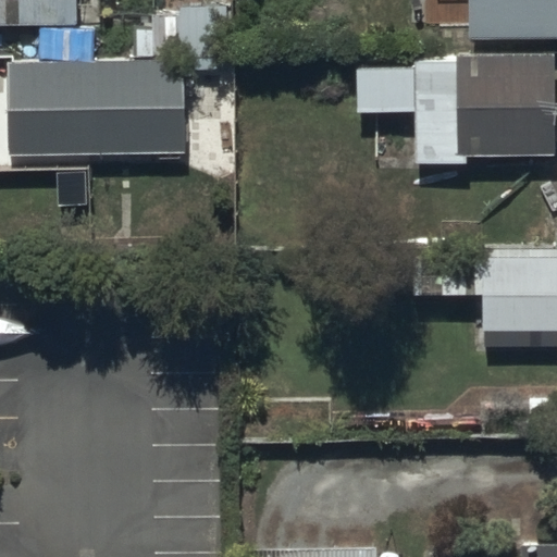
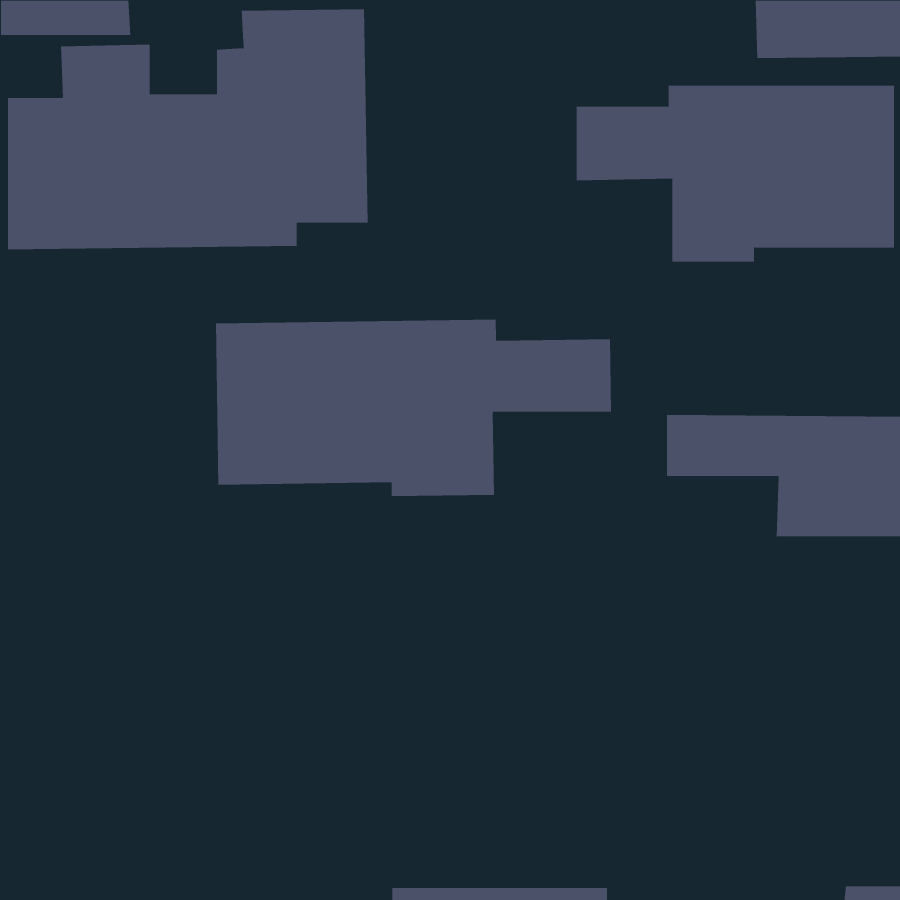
building: none -> [216,319,612,497]

